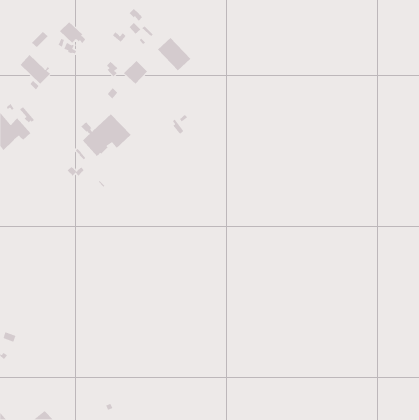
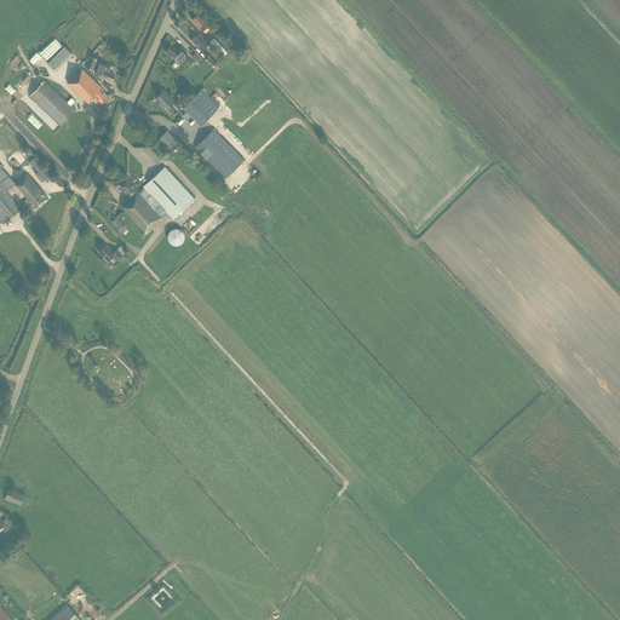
building: [59,21,86,44] -> [67,69,107,103]
building: [157,37,191,71] -> [194,128,243,178]

